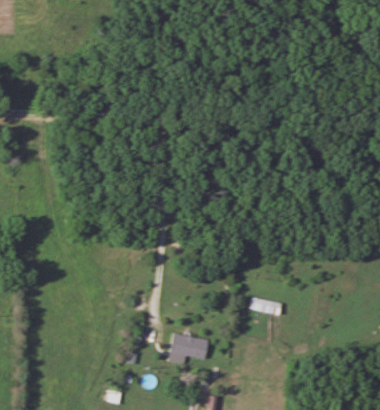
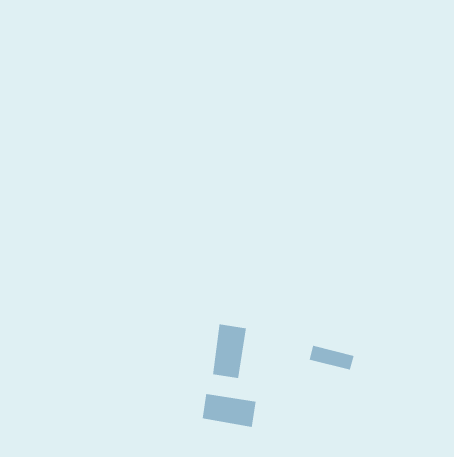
building: none -> [213,323,247,379]

